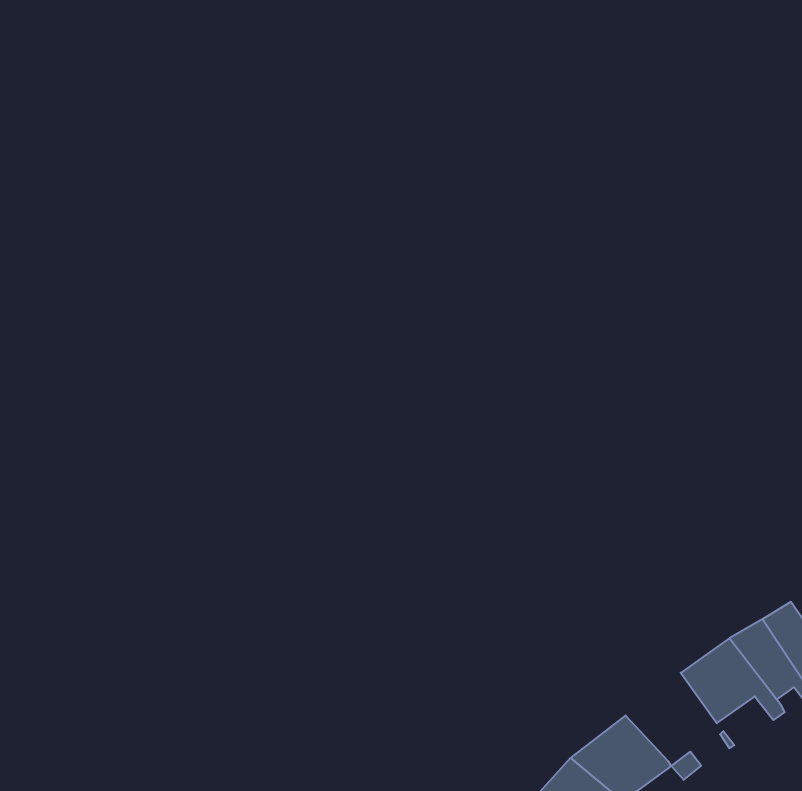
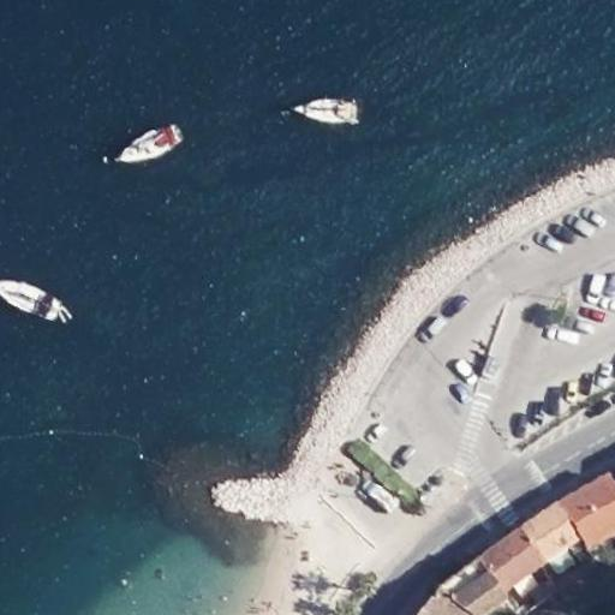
building: none -> [479,524,549,591]

